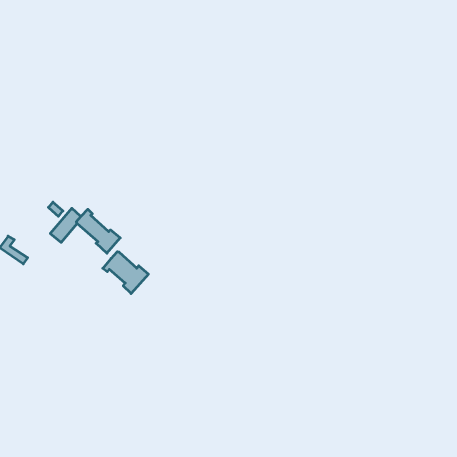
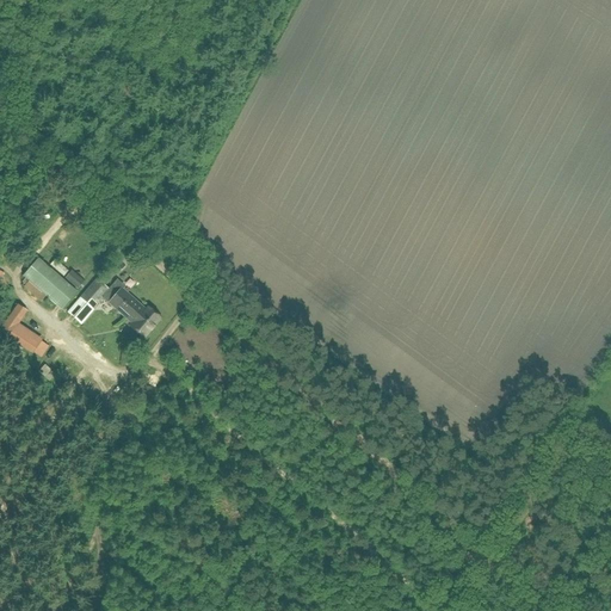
building: none -> [24,257,79,308]
building: [103,252,148,294] -> none

